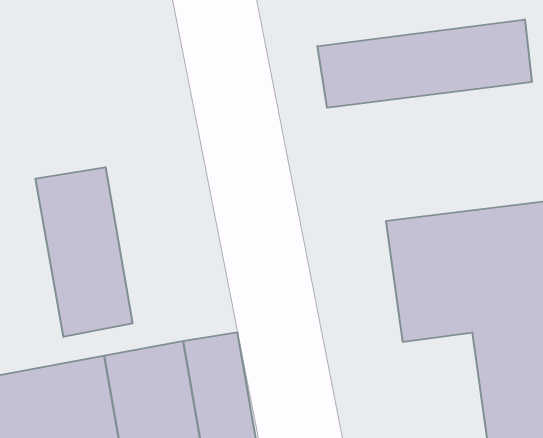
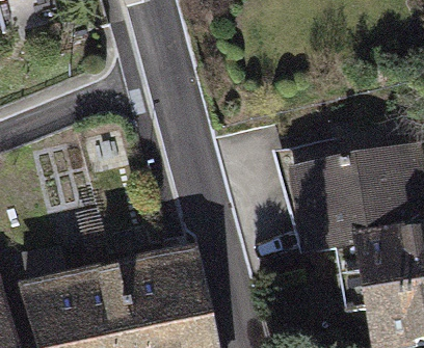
building: [317,19,532,108] -> none
building: [35,167,132,337] -> none

